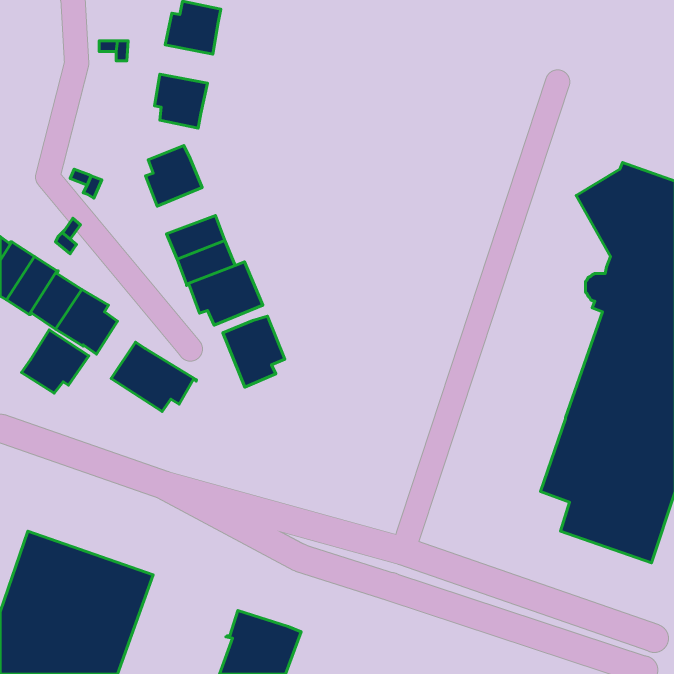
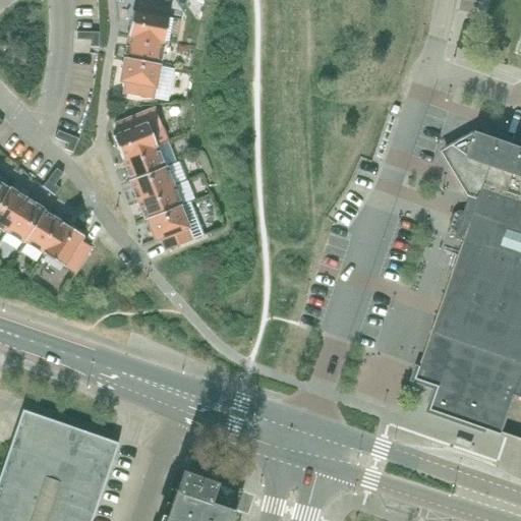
building: none -> [124,35,165,64]
building: none -> [122,144,167,180]
building: [223,316,285,387] -> none
building: [22,330,89,393] -> none
building: [111,342,196,411] -> none

